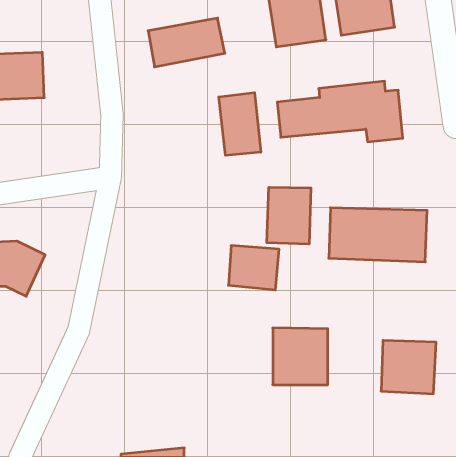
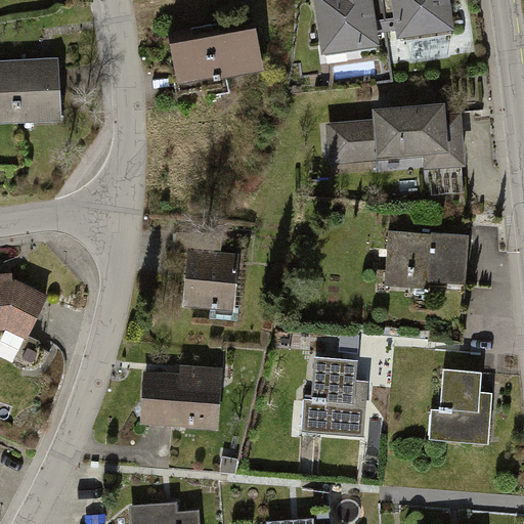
building: [219,93,261,155] -> none
building: [267,187,311,244] -> none
building: [228,246,279,290] -> [189,263,247,313]
building: none -> [147,378,237,432]

